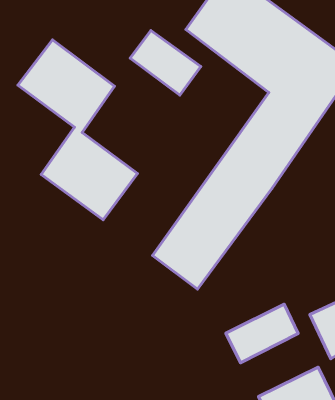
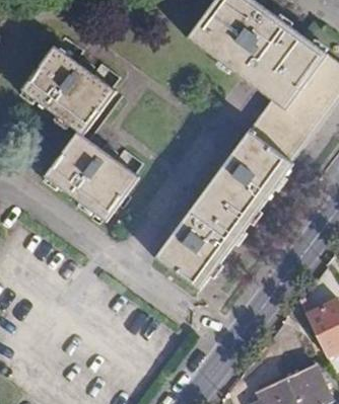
building: [130,30,201,95] -> none
building: [226,304,298,363] -> none

